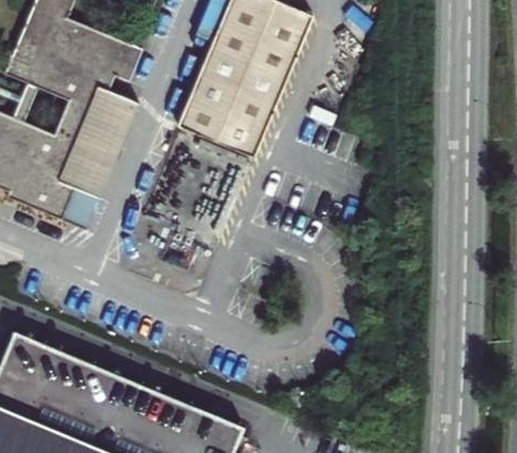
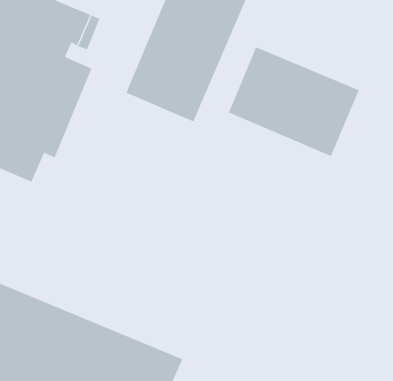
building: none -> [228,47,360,157]

